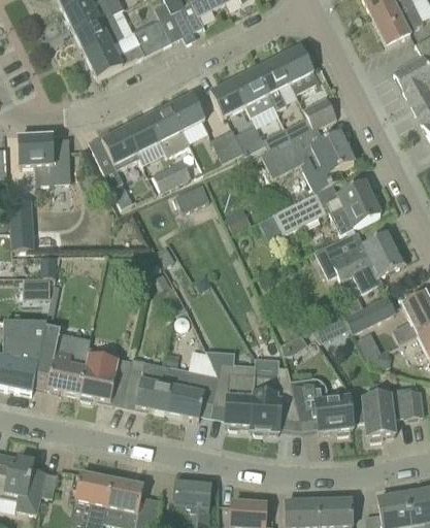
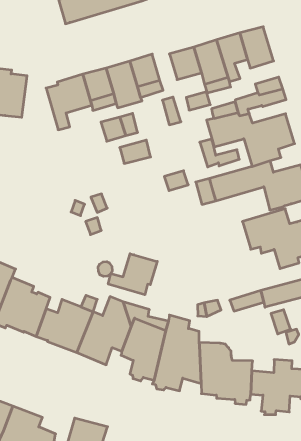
building: [221,129,264,158] -> [200,139,239,167]
building: none -> [108,254,157,295]

